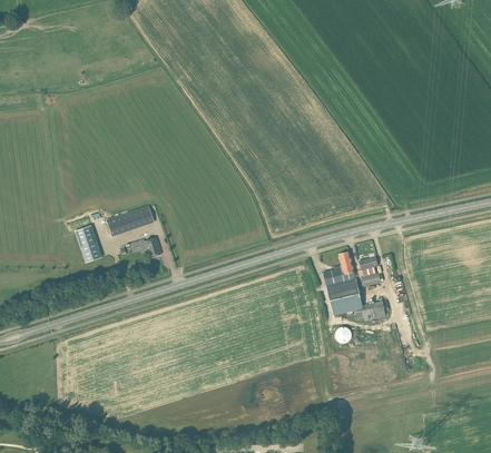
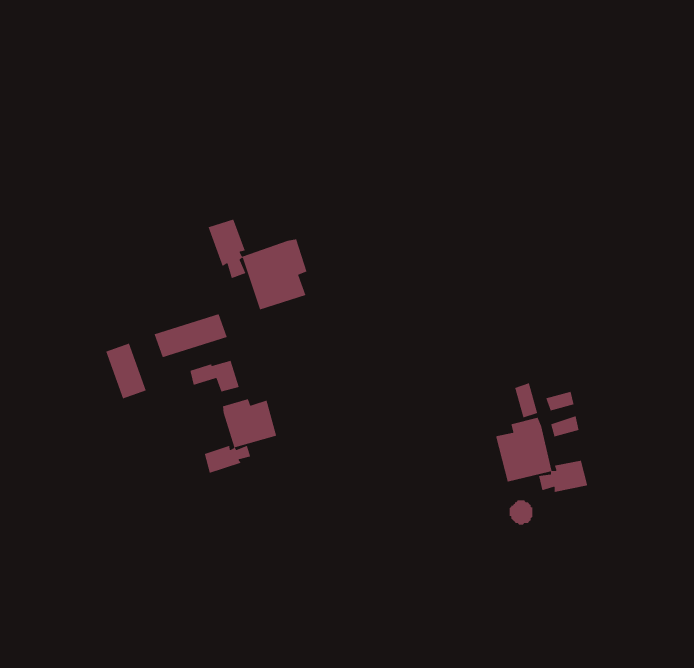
building: none -> [207,219,308,310]
building: none -> [204,398,277,474]

